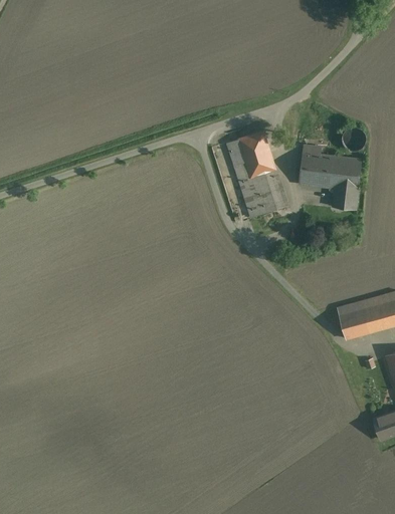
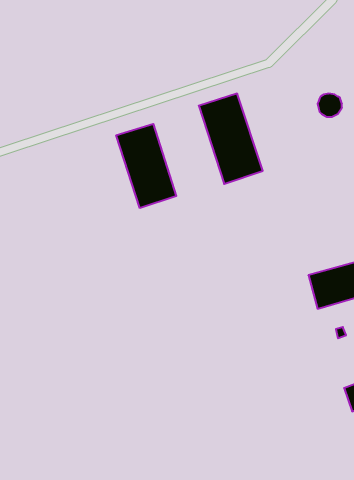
building: [301,143,363,212] -> none
building: none -> [116,124,176,208]

